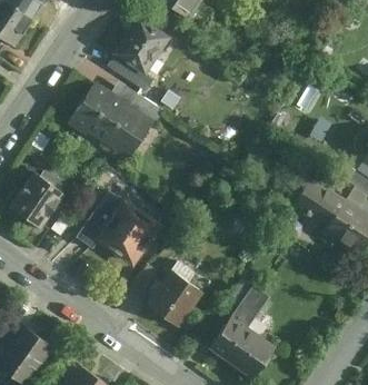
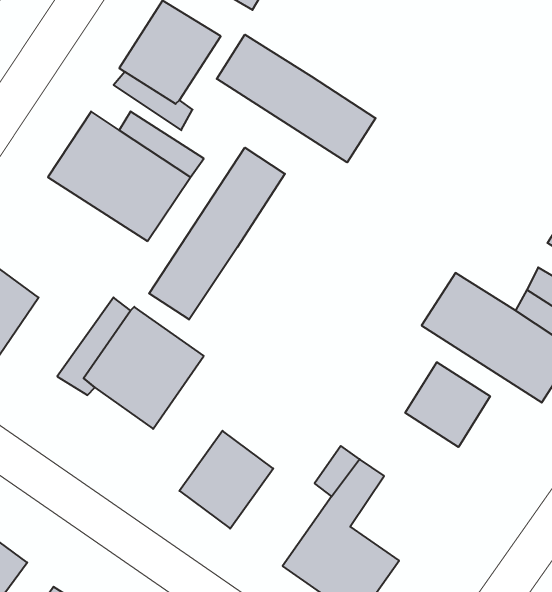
building: none -> [217,35,376,162]
building: none -> [149,148,285,320]
building: none -> [405,362,490,447]

